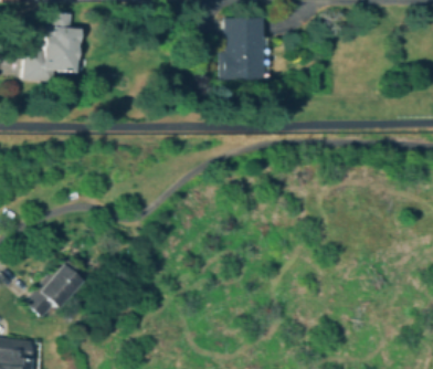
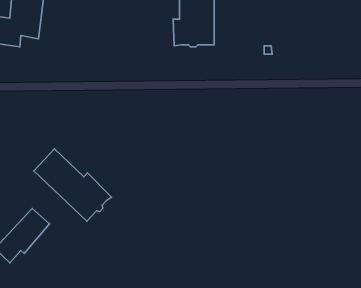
building: none -> [34,149,112,221]

